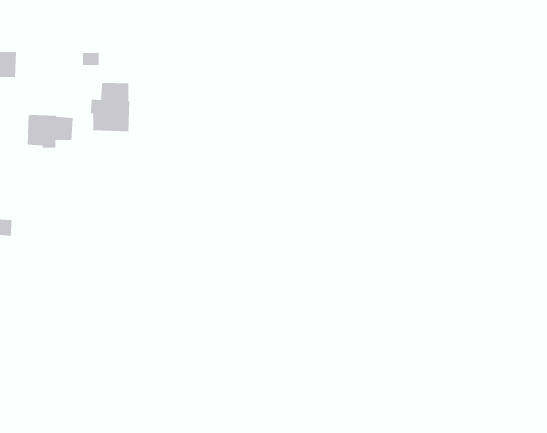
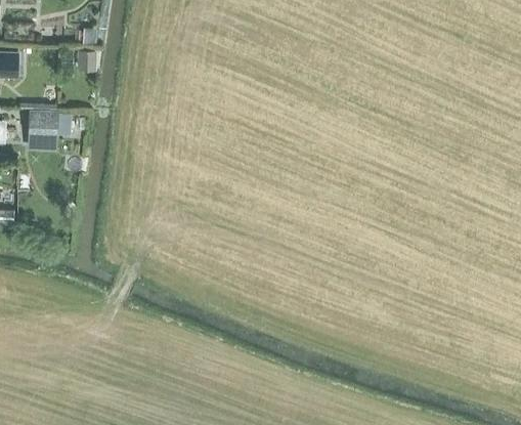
building: [90,82,130,132] -> none

